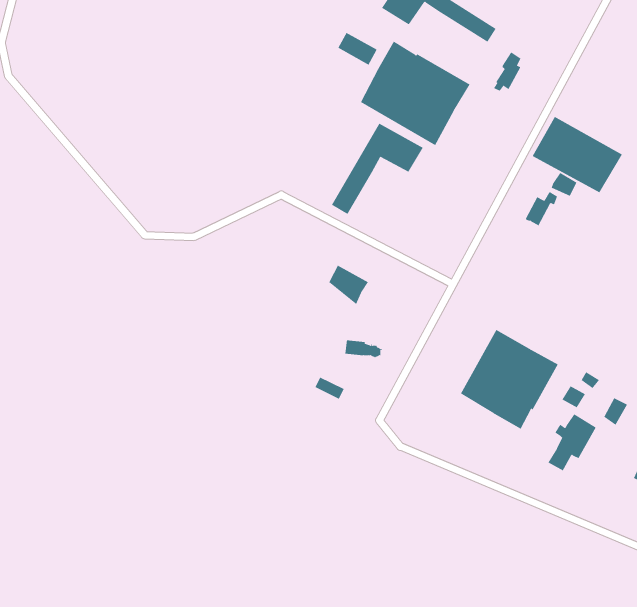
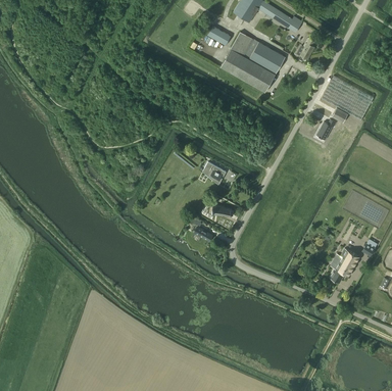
building: [331,123,423,215] -> none
building: [460,329,558,429] -> none

